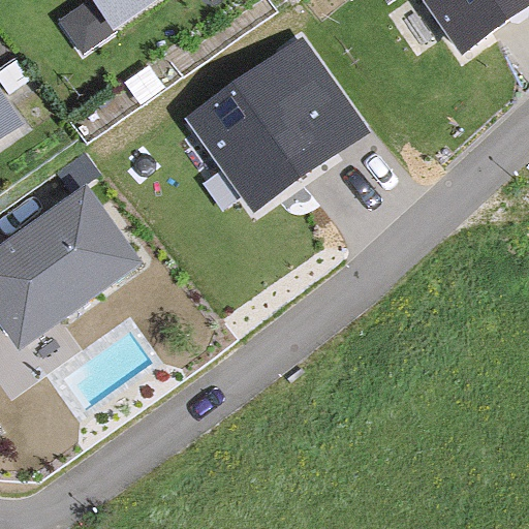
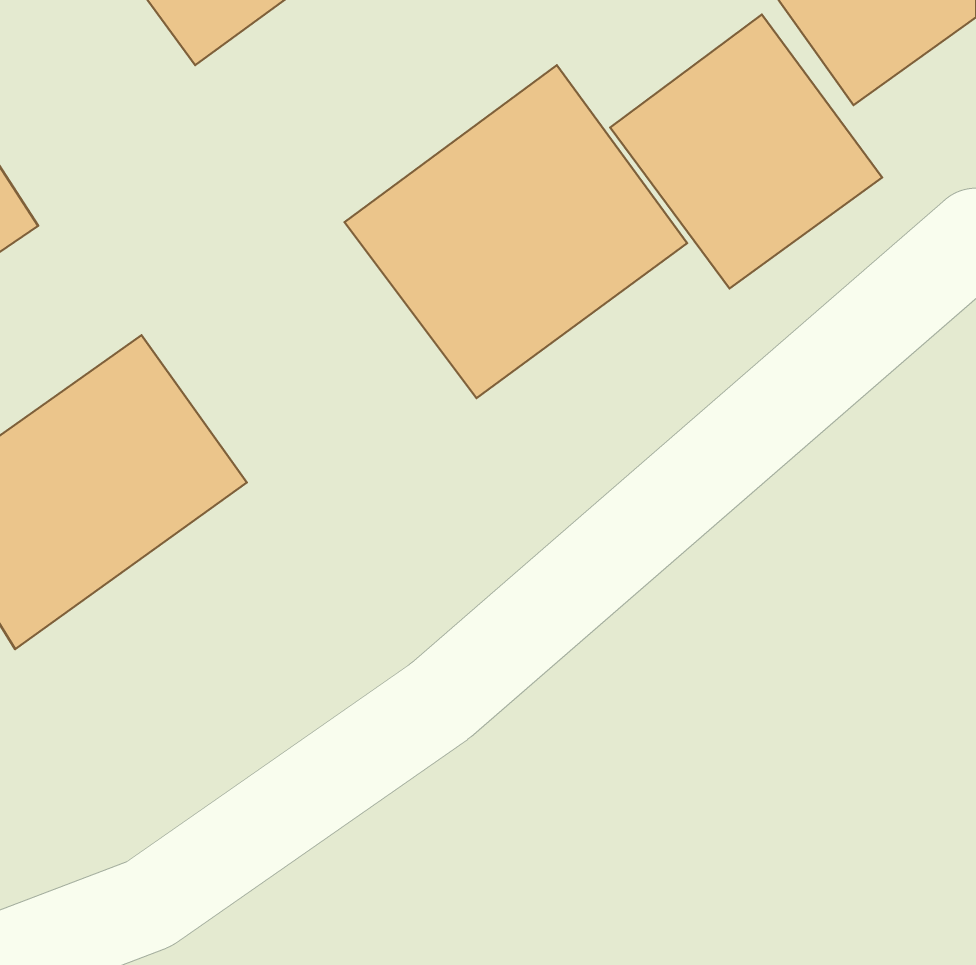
building: none -> [610,14,882,289]

